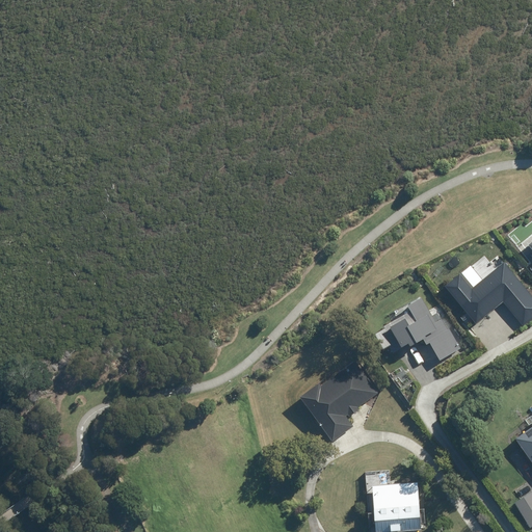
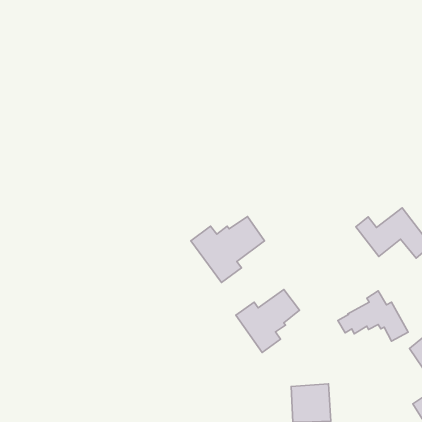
building: none -> [191,217,264,282]
building: [373,296,461,360] -> [338,291,408,341]

